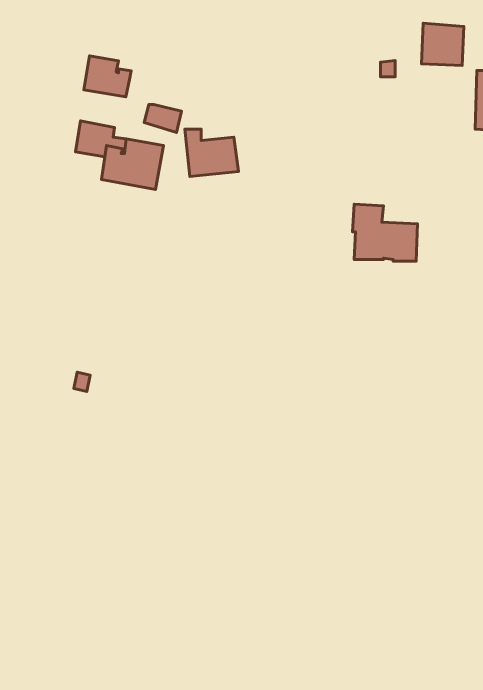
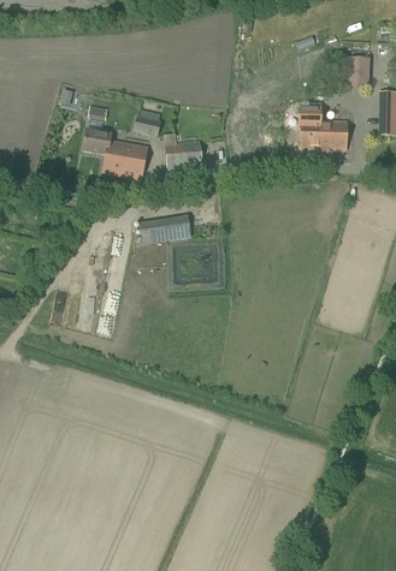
building: [84,56,131,97] -> none
building: [352,204,418,261] -> [299,106,347,148]
building: none -> [140,214,191,244]

